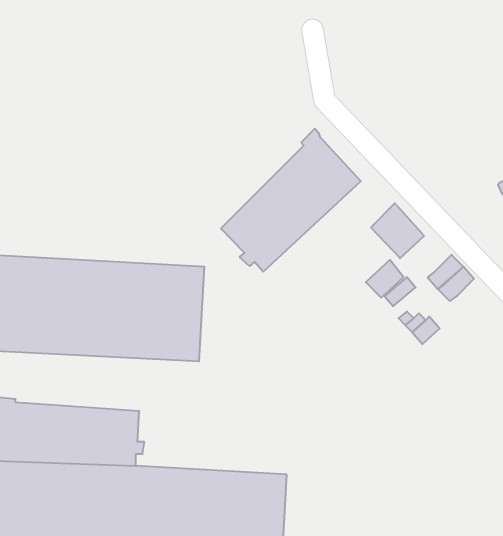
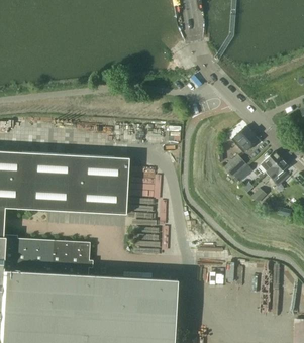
building: [221,129,361,272] -> none

